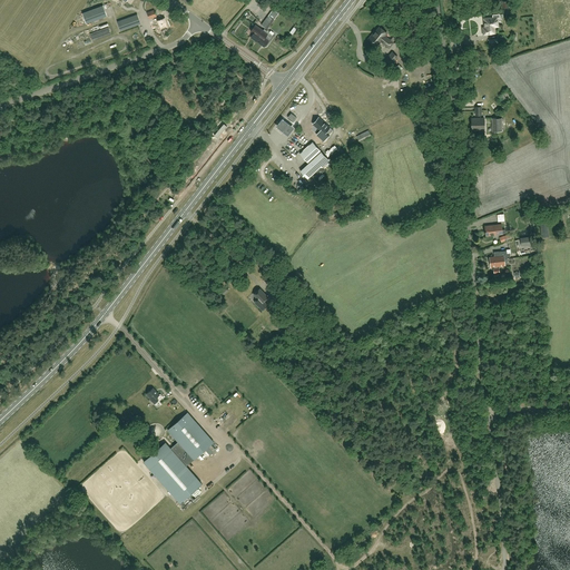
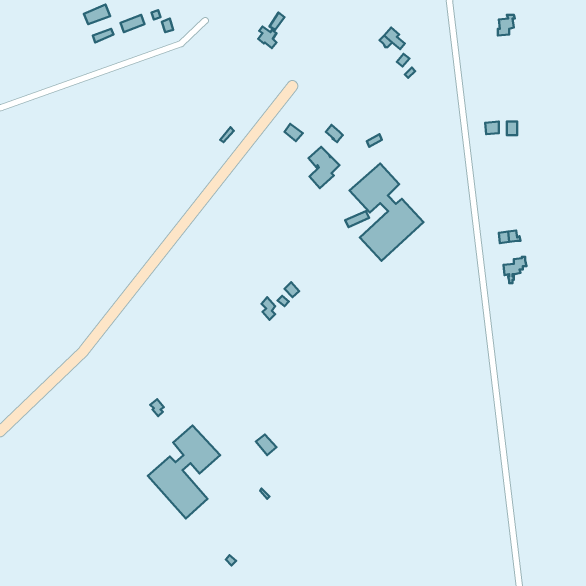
building: none -> [350,163,423,261]

